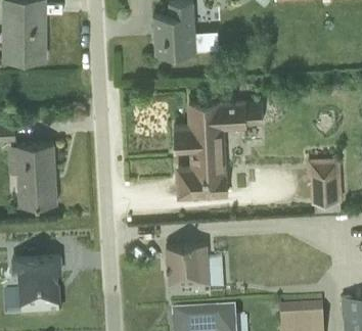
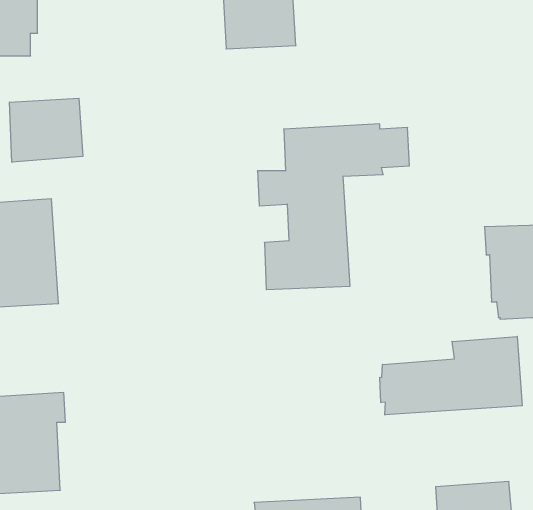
building: none -> [10,98,83,162]
building: none -> [380,336,522,415]
building: [167,243,209,293] -> none

